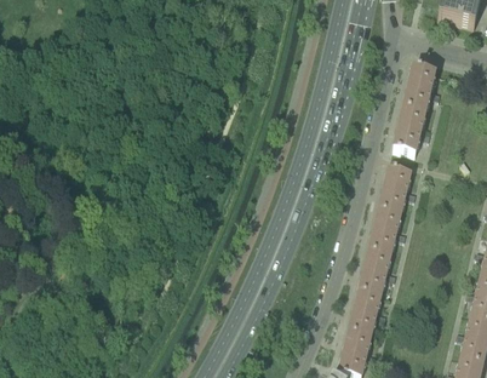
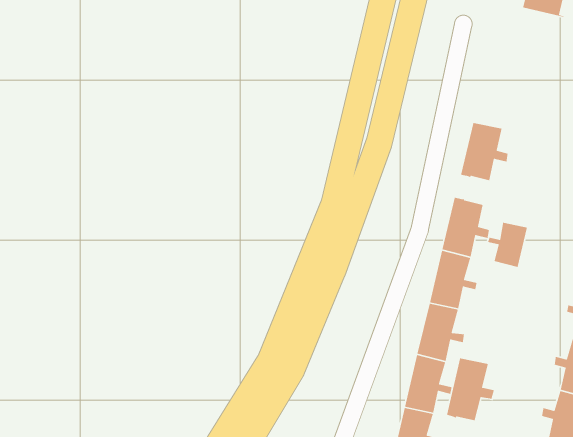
building: [402,62,440,108] -> none
building: none -> [487,222,528,268]
building: none -> [446,358,495,421]

